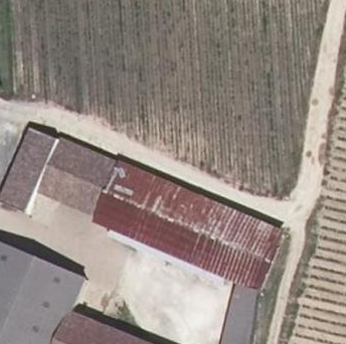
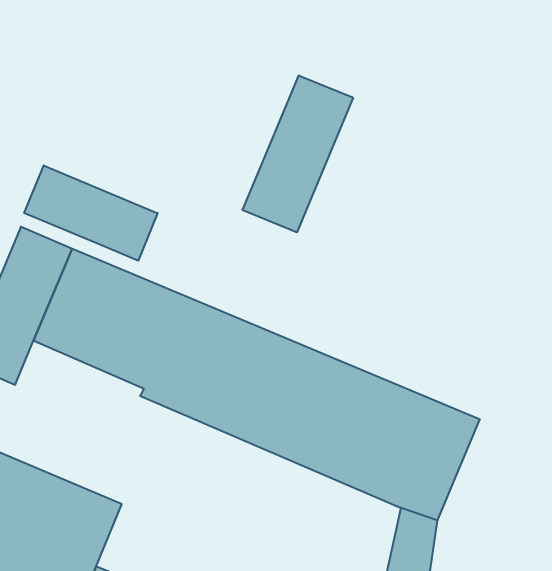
building: none -> [242,75,353,232]
building: none -> [24,165,158,261]

